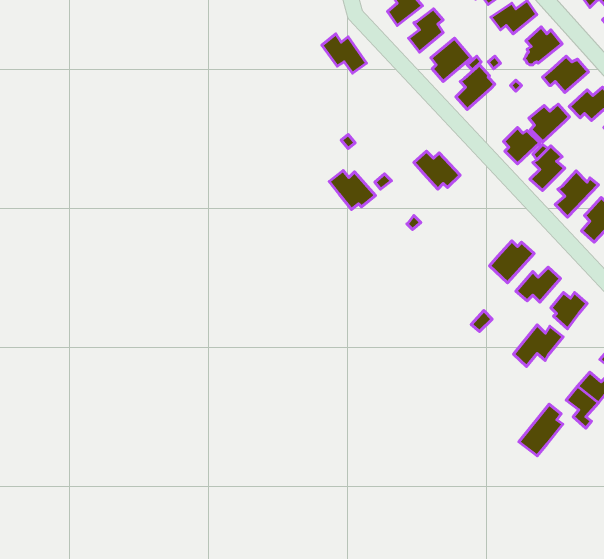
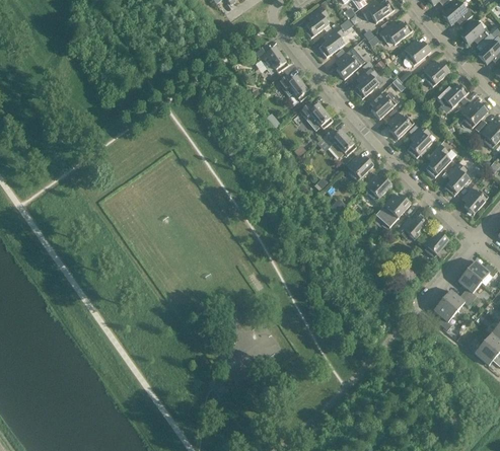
building: none -> [277,73,310,100]
building: [529,104,569,142] -> [369,91,399,119]
building: [329,170,375,210] -> [299,101,333,130]
building: none -> [346,154,373,180]
building: none -> [365,174,391,201]
building: [513,325,563,366] -> none
building: [519,404,563,456] -> none

